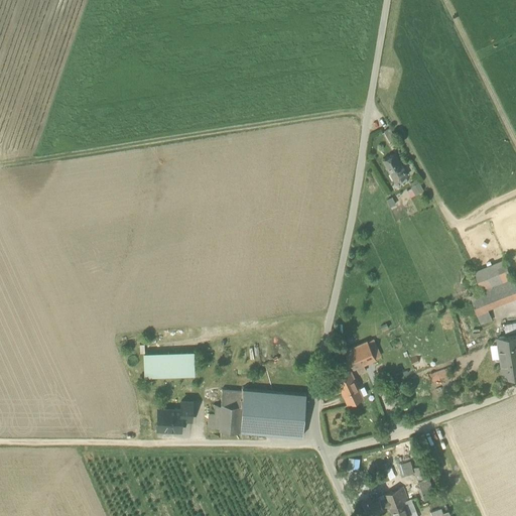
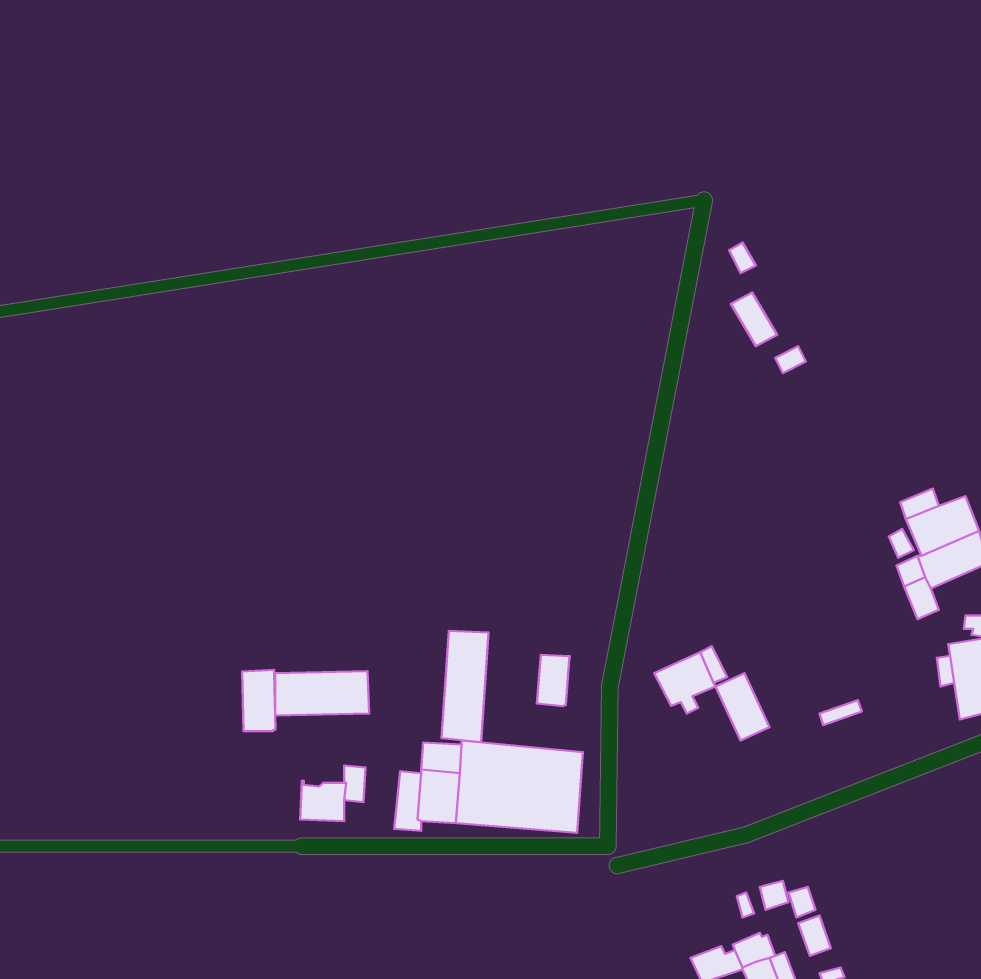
building: none -> [442,631,488,742]
building: none -> [537,655,570,706]
building: none -> [242,670,275,731]
building: [336,372,364,407] -> [716,673,769,741]

